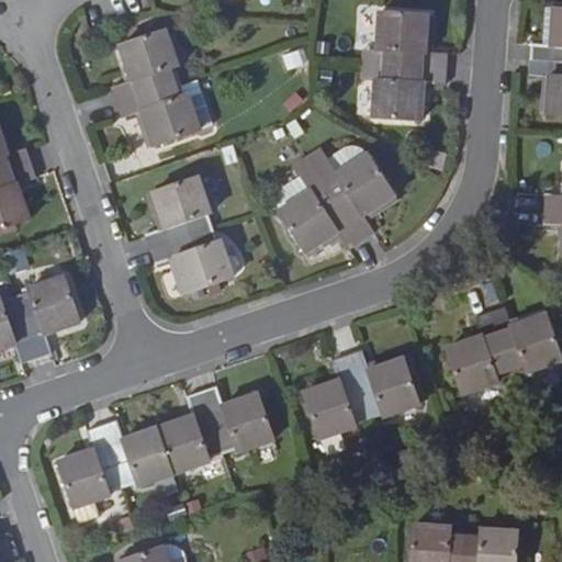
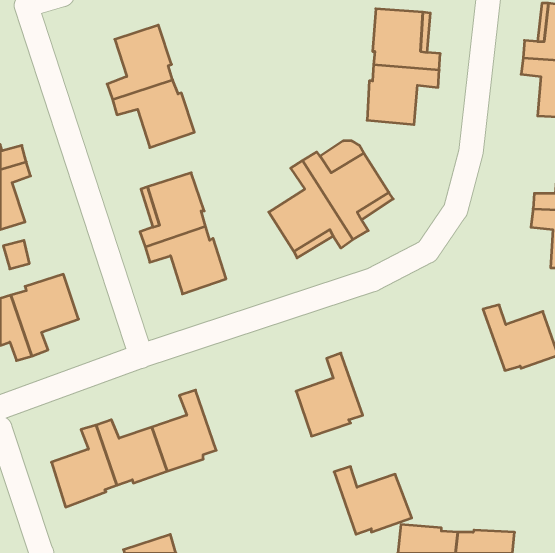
building: [443,311,510,394] -> none
building: [346,349,424,417] -> [334,467,412,534]
building: [200,386,276,452] -> none

